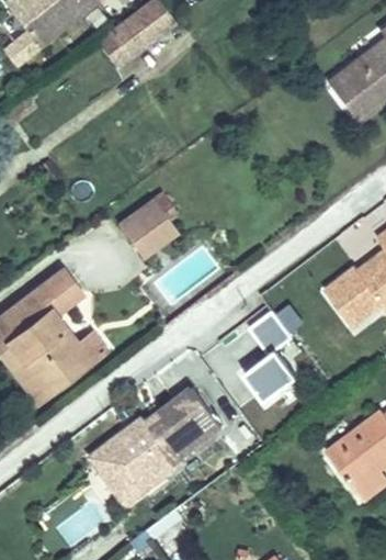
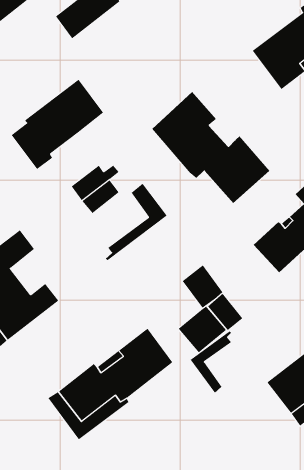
building: none -> [11,79,104,170]
building: none -> [152,91,270,204]
building: none -> [105,183,167,261]
building: none -> [190,330,232,393]

